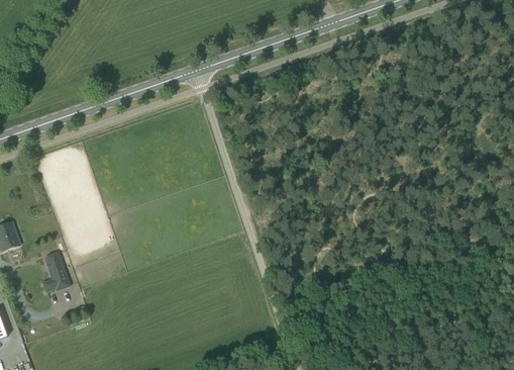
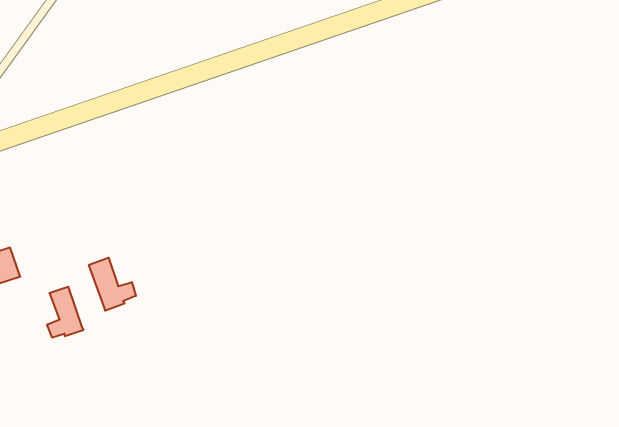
building: none -> [89,258,136,311]

